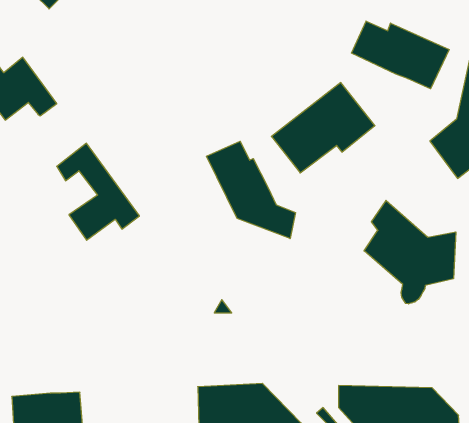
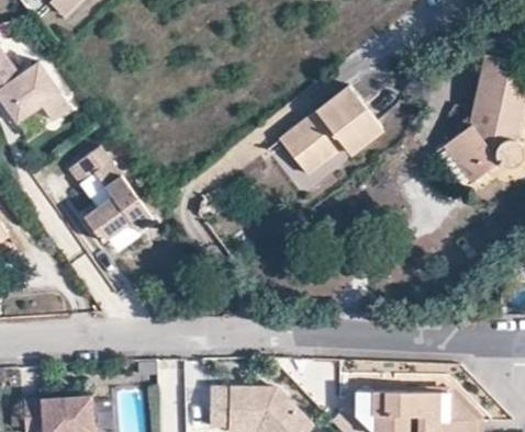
building: [352,21,449,89] -> none
building: [207,141,296,239] -> none
building: [364,200,456,304] -> none

